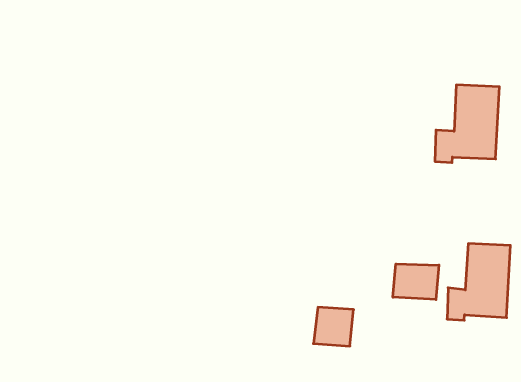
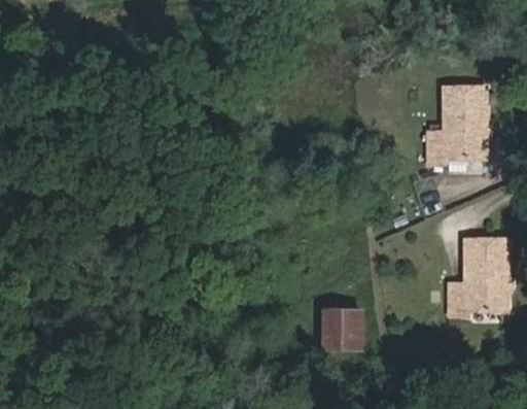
building: [393,264,439,300] -> none

